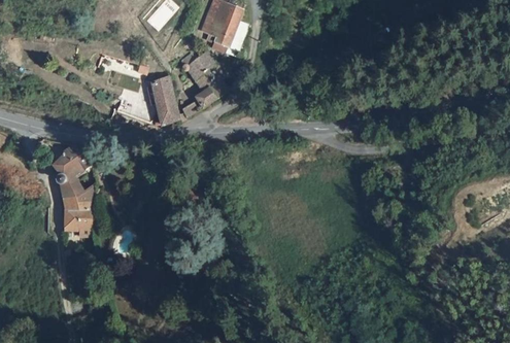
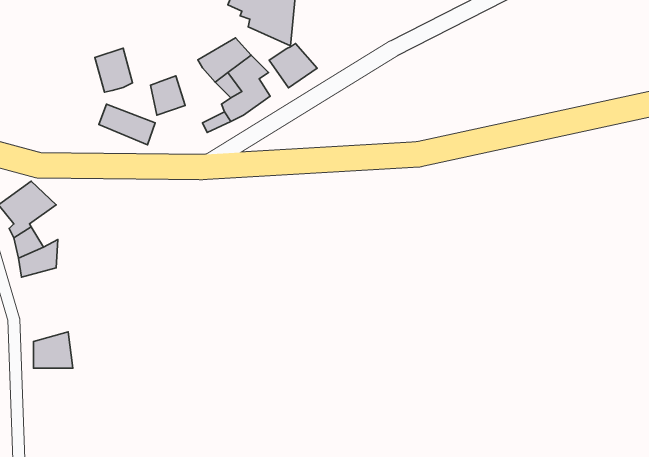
building: none -> [269,43,317,88]
building: [155,96,179,125] -> [95,48,133,92]
building: [66,202,92,226] -> [34,332,73,368]

